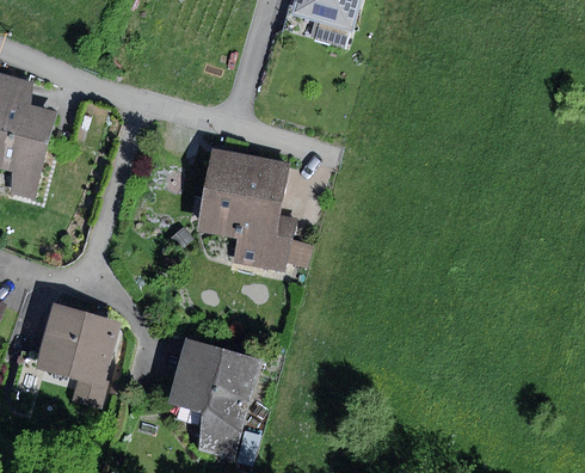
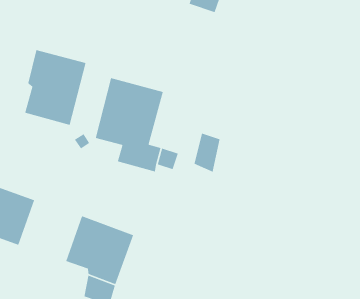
building: none -> [24,49,87,126]
building: none -> [193,133,221,173]

